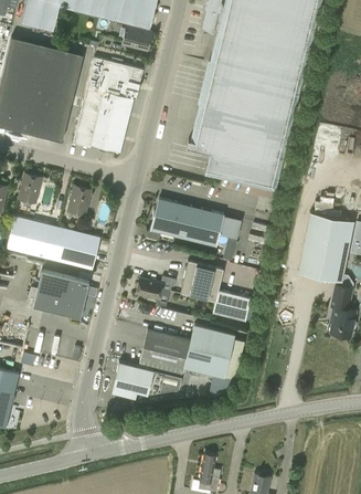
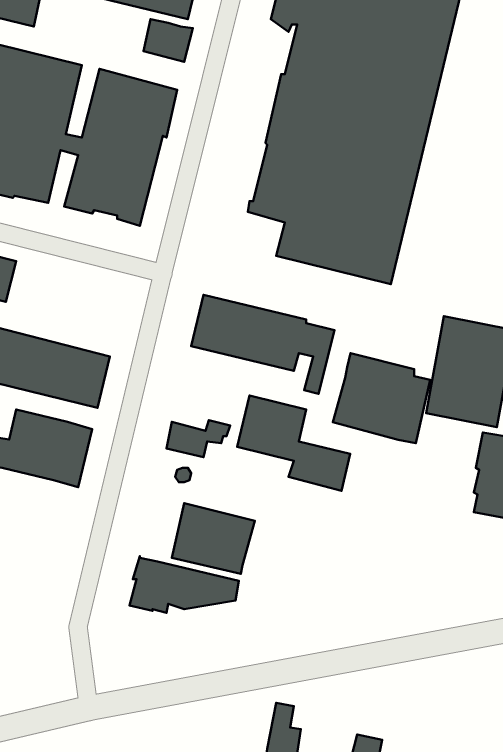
building: [67,187,92,217] -> none
building: [183,325,244,381] -> [333,353,430,443]

